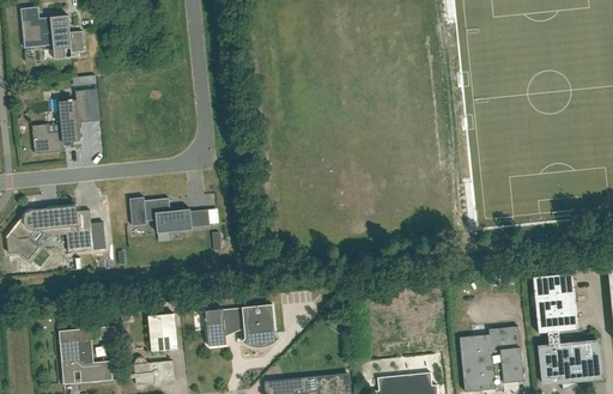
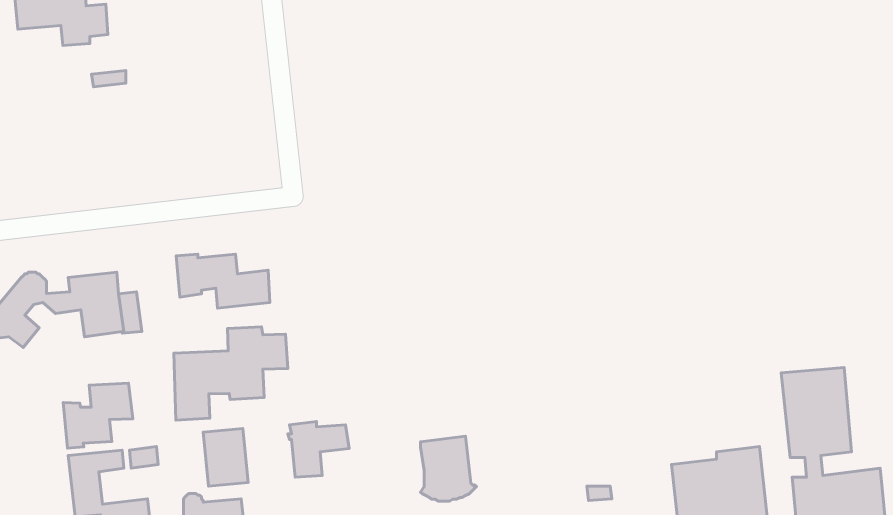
building: [32,89,91,152] -> none
building: none -> [174,327,288,420]
building: none -> [63,383,133,448]
building: [242,303,279,346] -> [421,436,476,501]

